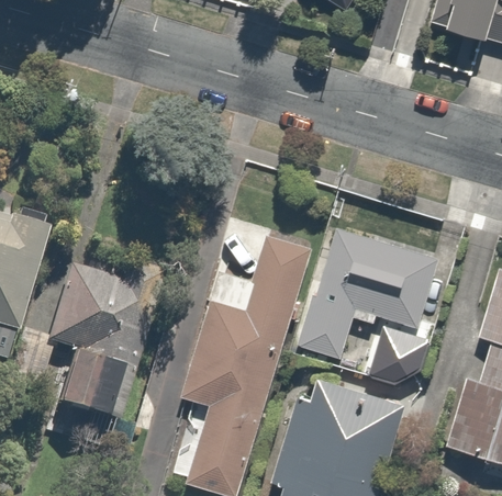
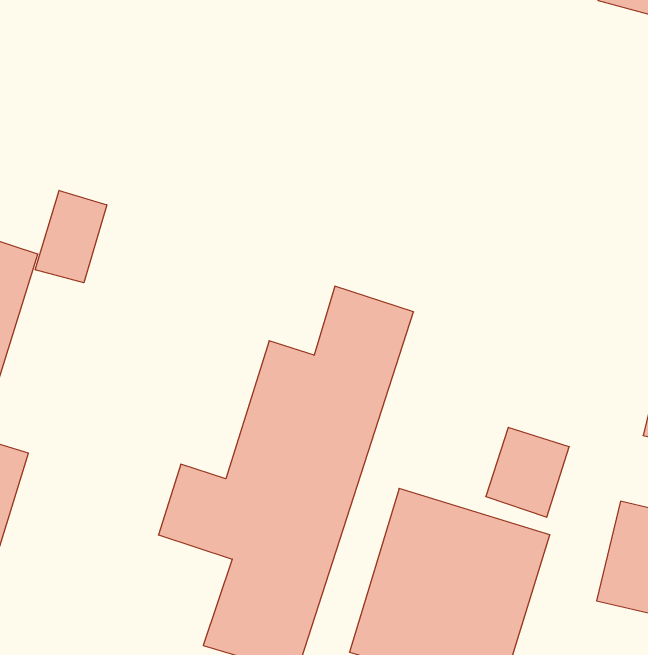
building: none -> [35,190,107,283]
building: [295,223,435,359] -> none
building: [43,261,163,424] -> none

